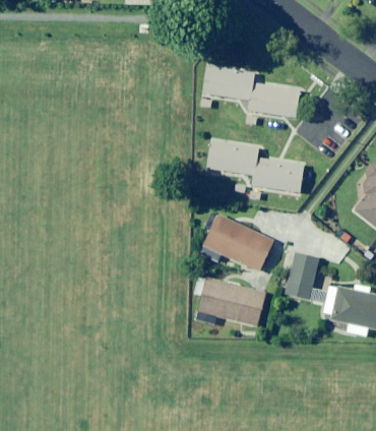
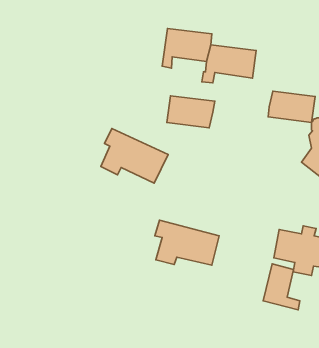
building: [253,157,305,191] -> [268,91,315,122]
building: [200,211,274,271] -> [101,129,168,183]
building: [285,252,325,303] -> [263,264,300,310]

